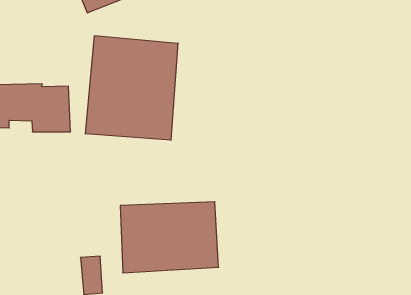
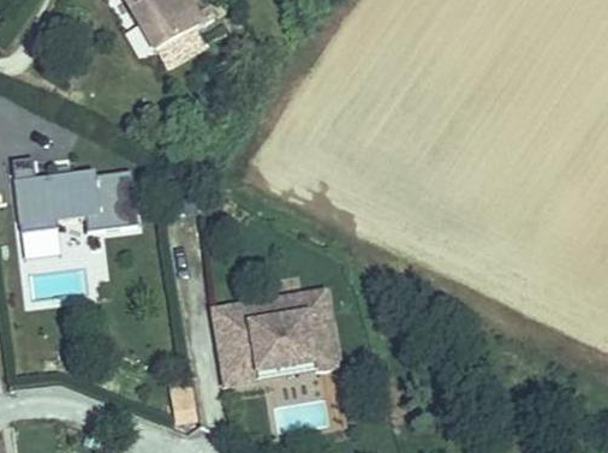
building: [85,36,178,140] -> none

